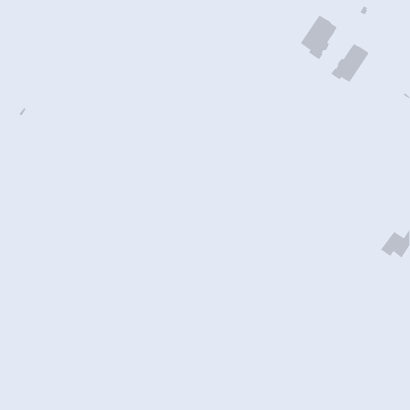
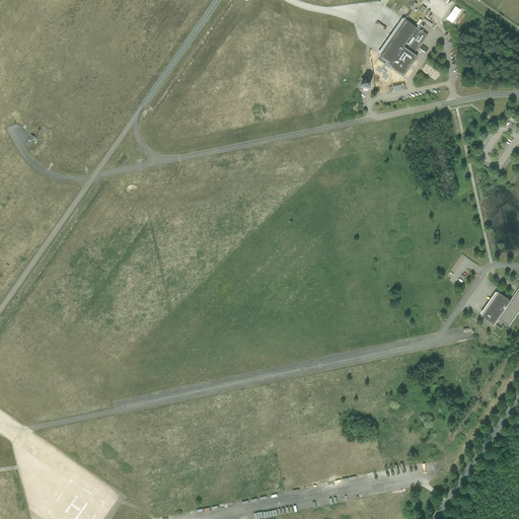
building: [331,43,370,83] -> none

